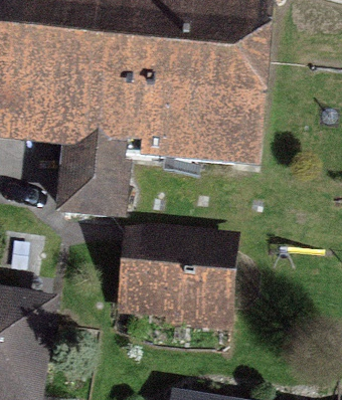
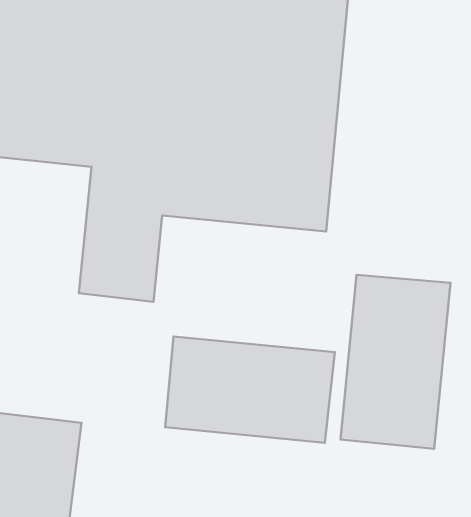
building: none -> [341,275,450,449]

